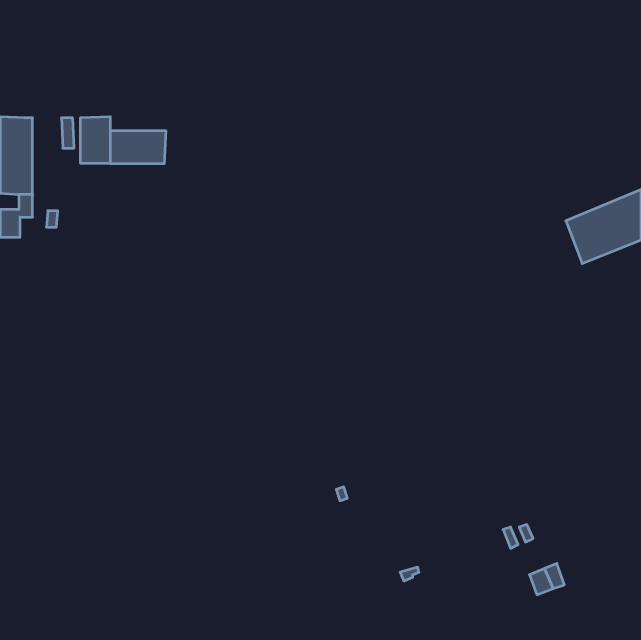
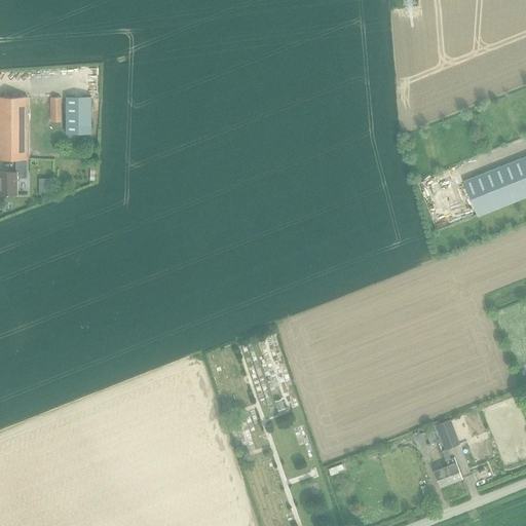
building: [110,131,166,164] -> none
building: none -> [436,420,459,450]

